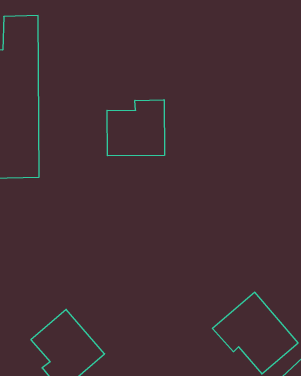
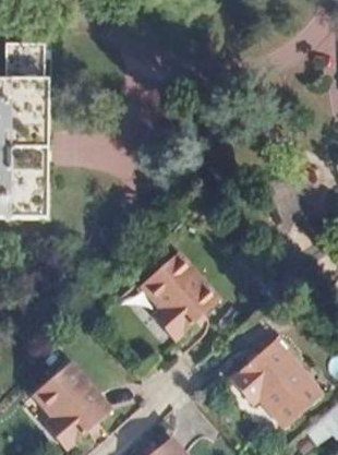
building: [107,100,164,156] -> none
building: none -> [140,254,218,340]

